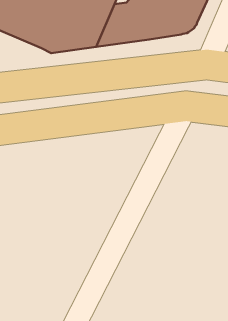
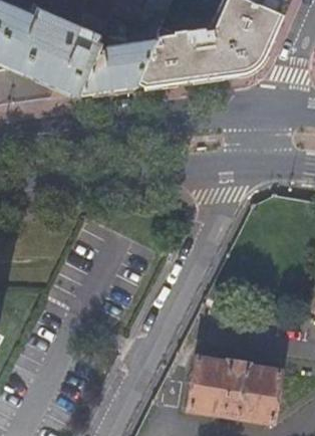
building: none -> [188,358,280,422]

